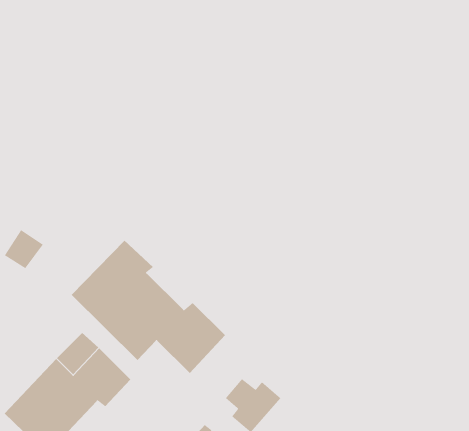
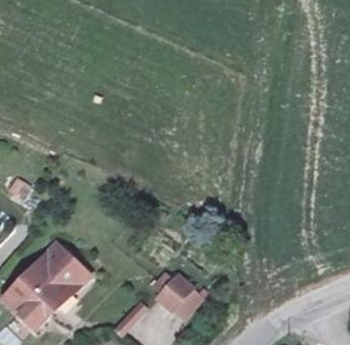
building: [71,240,226,374] -> none

